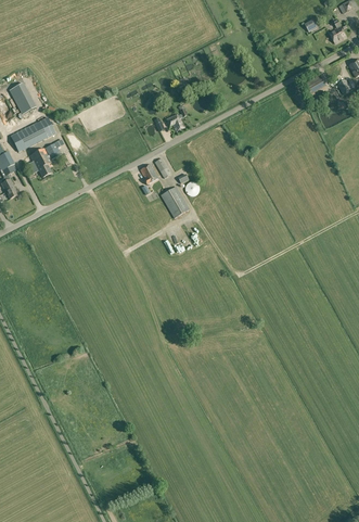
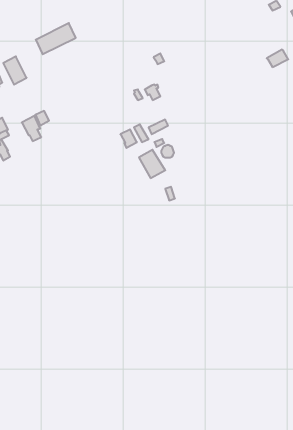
building: [11,116,55,151] -> [36,23,76,54]

